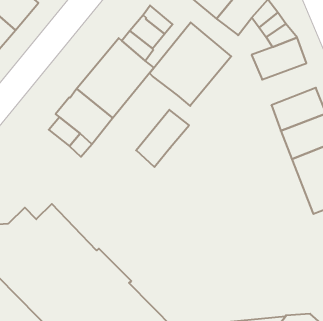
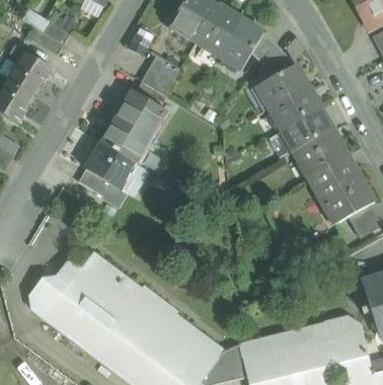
building: [149,22,231,106] -> none
building: none -> [270,86,320,130]
building: [136,110,189,167] -> none

